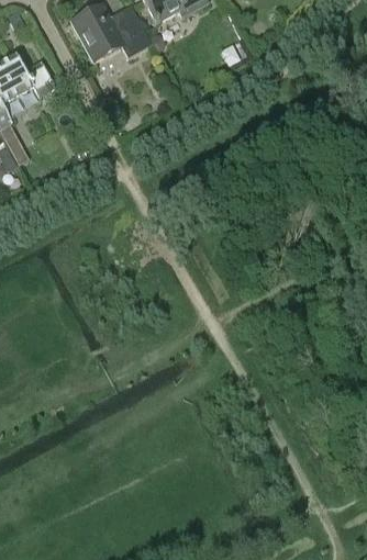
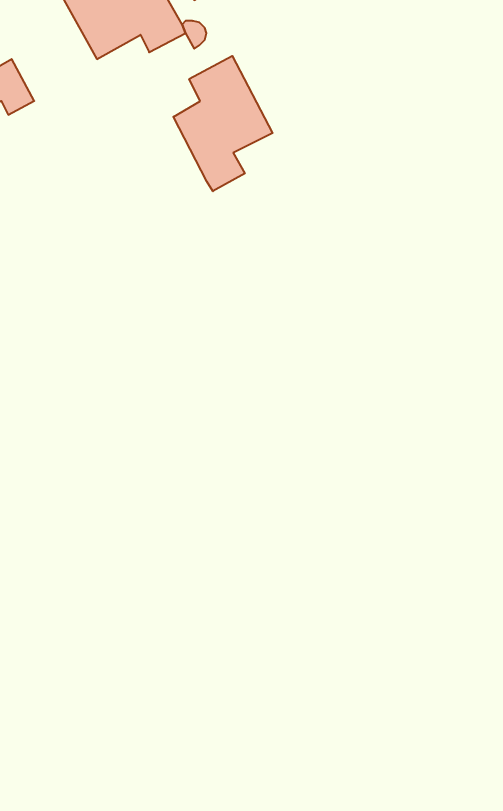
building: none -> [173,56,273,191]

